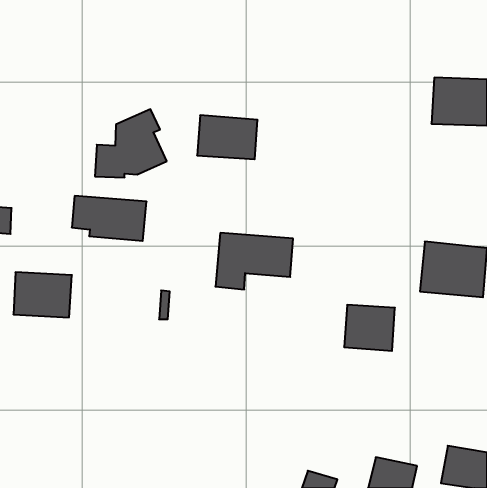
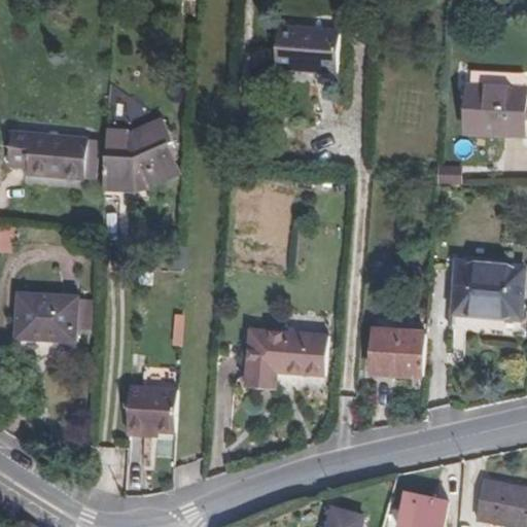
building: [197,115,258,159] -> [273,25,338,72]
building: [72,196,147,241] -> [7,131,87,179]
building: [215,233,293,289] -> [244,328,327,389]
building: none -> [126,386,177,435]

